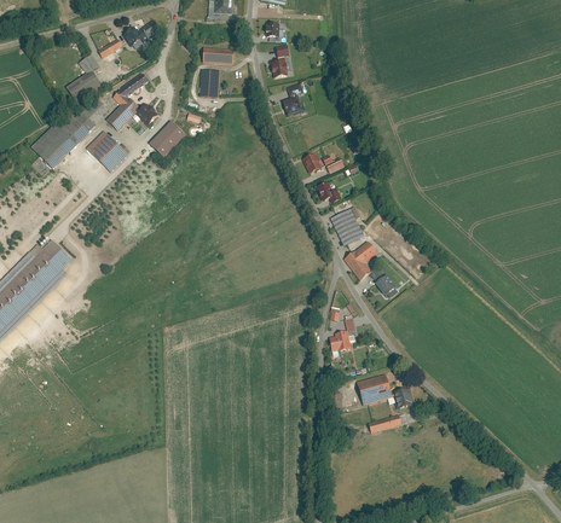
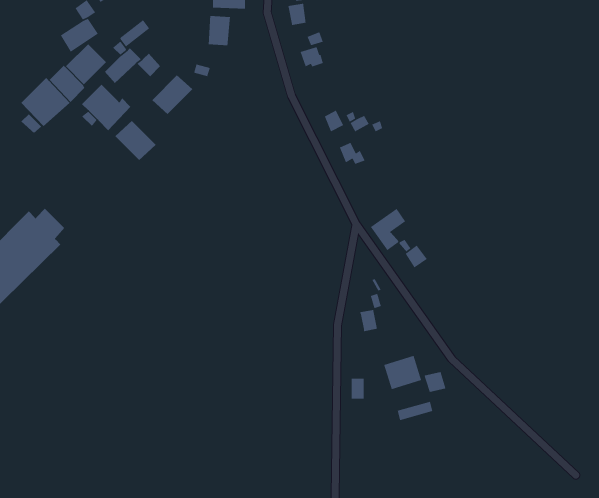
building: none -> [115,120,157,161]
building: [331,208,363,244] -> none

